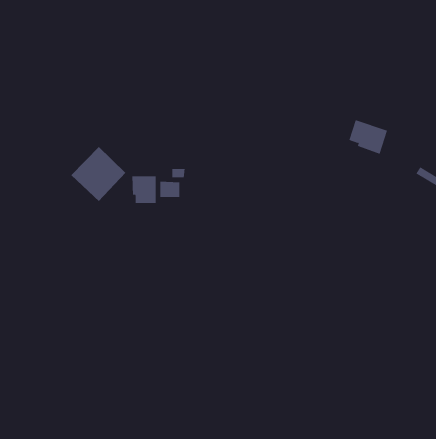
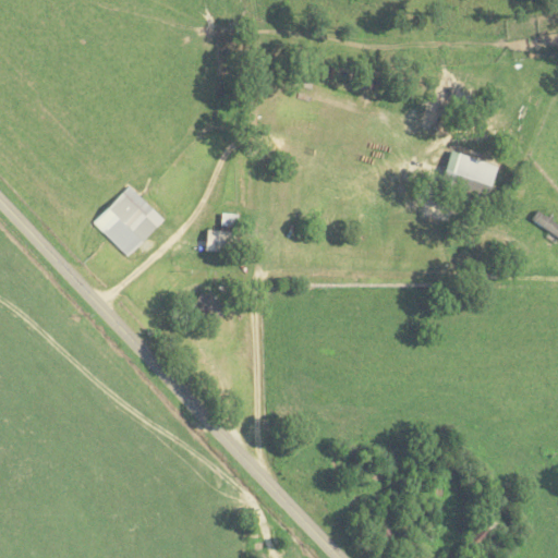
building: [132,175,156,204] -> none

